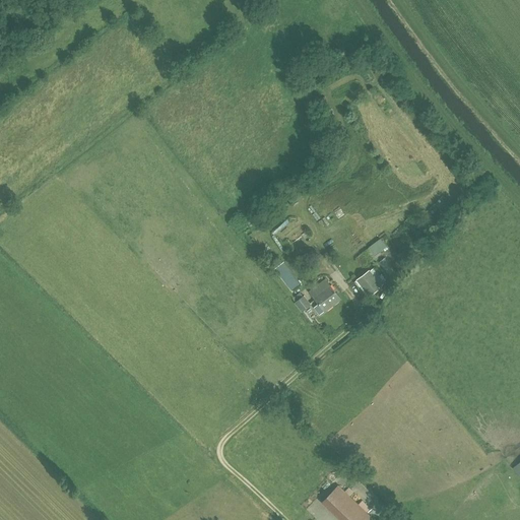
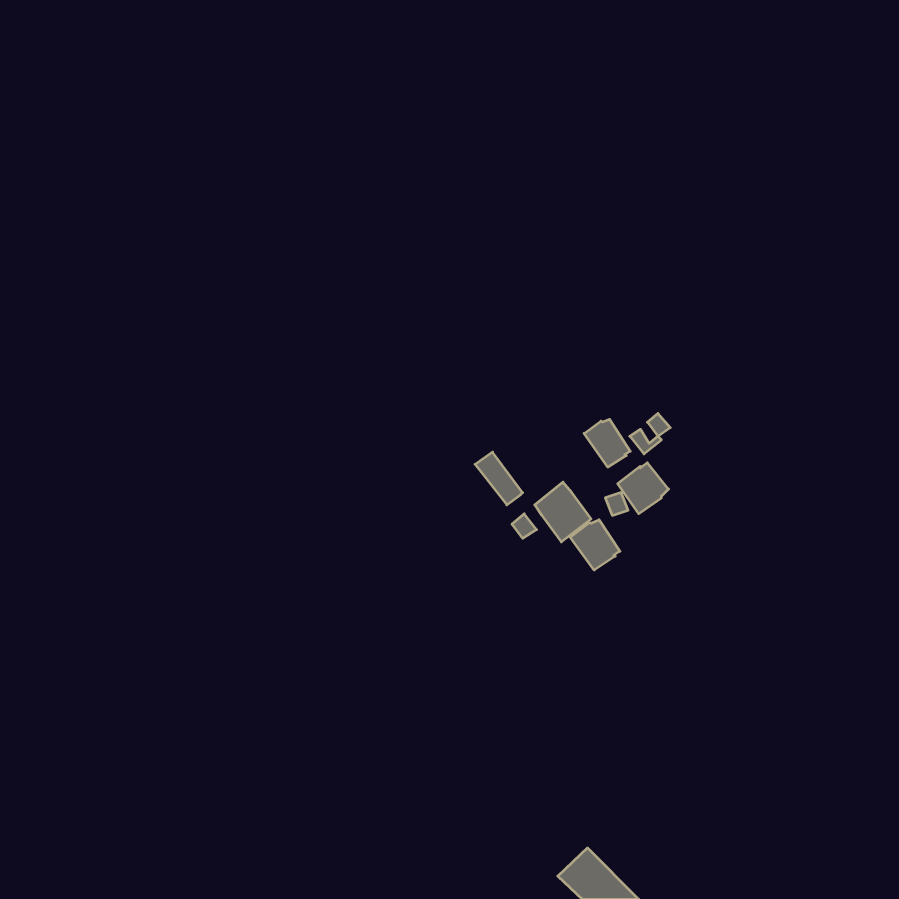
building: none -> [584,419,630,467]
building: none -> [570,520,620,570]

